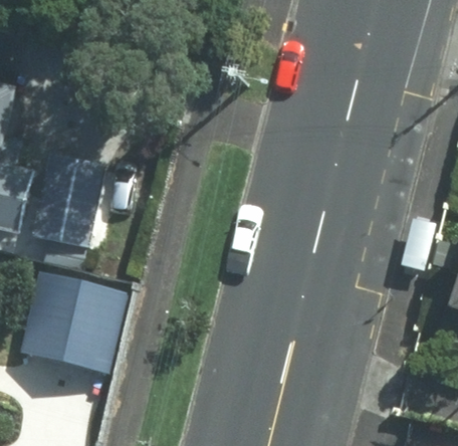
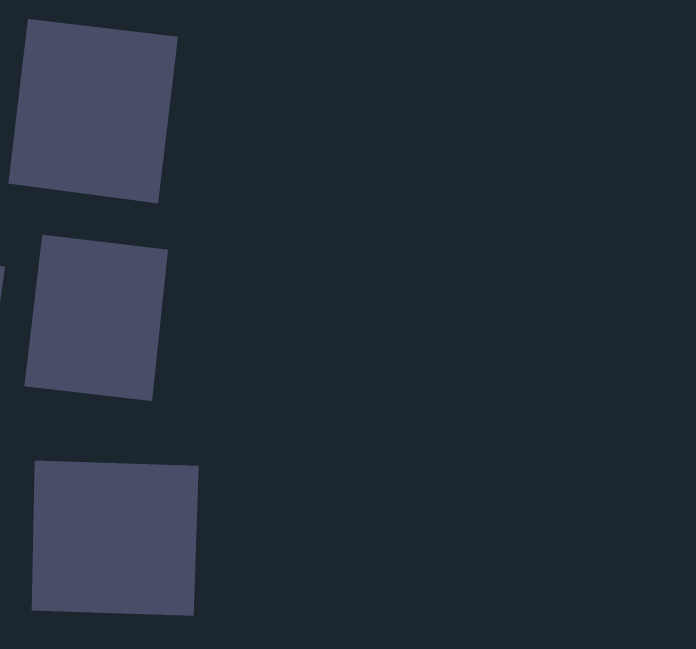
building: none -> [8,18,179,204]

